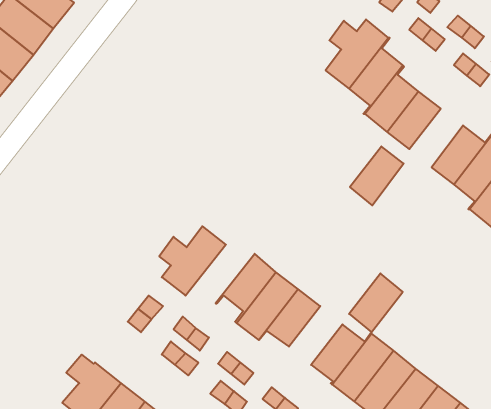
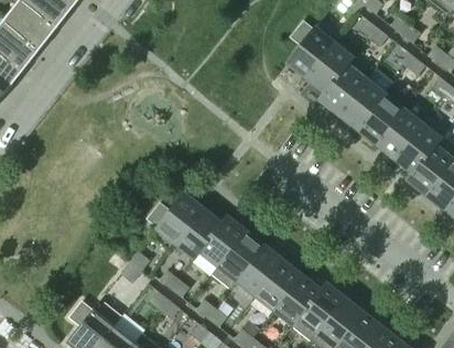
building: [350,146,404,205] -> [357,94,402,143]
building: none -> [169,208,227,258]
building: [349,273,403,332] -> [256,260,301,309]

